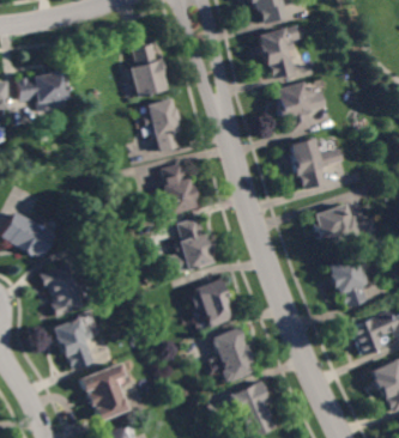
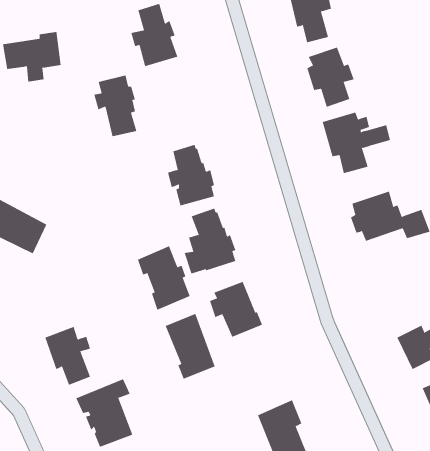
building: [143,99,180,152] -> [94,75,137,137]
building: [328,255,370,308] -> none
building: [40,263,85,318] -> [137,245,191,310]
building: [214,327,258,383] -> [165,313,216,379]

